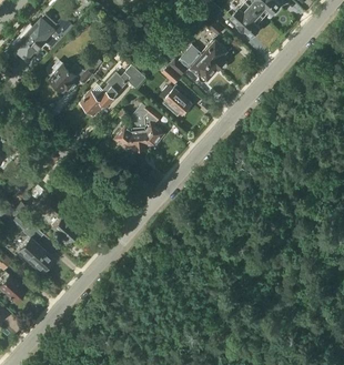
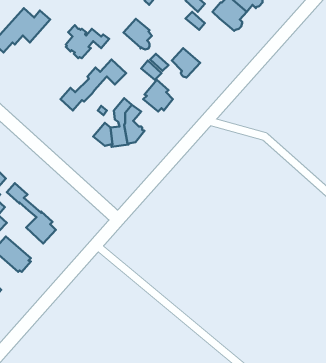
building: [202,40,230,70] -> [123,19,152,50]
building: [51,61,93,93] -> [66,25,109,58]

